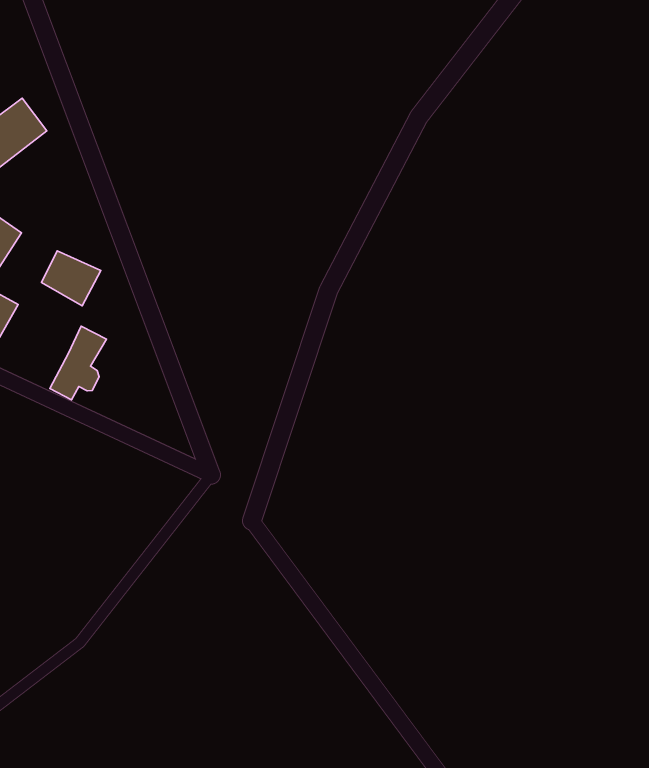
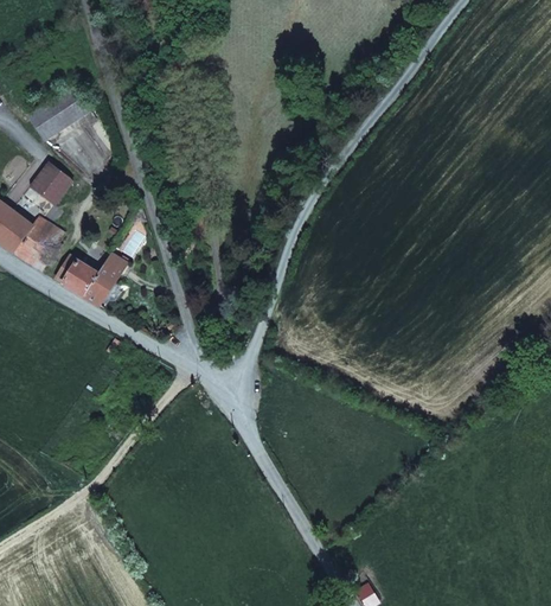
building: [42,251,101,306] -> [55,255,98,296]

